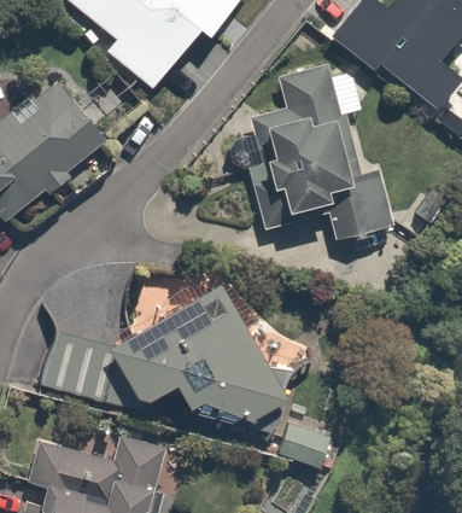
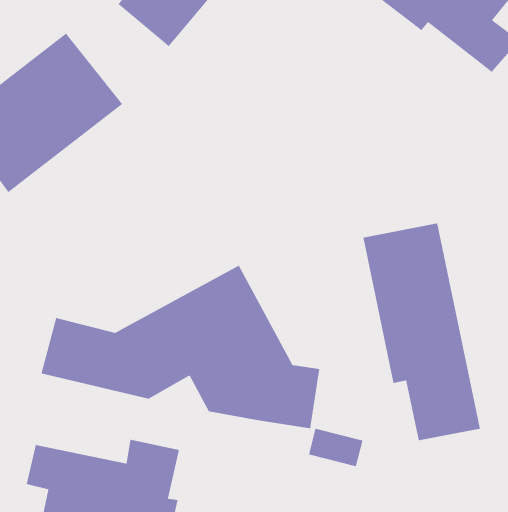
building: [257,64,391,237] -> none
building: none -> [363,223,481,441]

